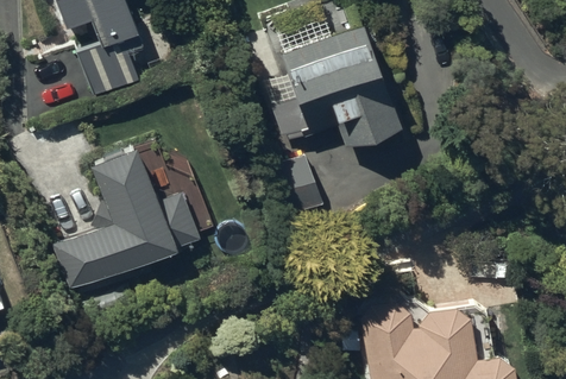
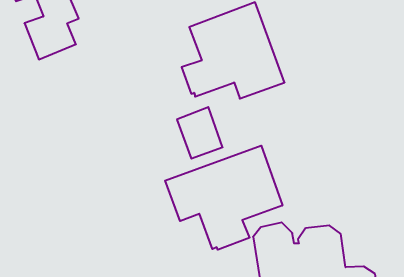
building: [52,145,201,303] -> none
building: none -> [165,146,282,250]

